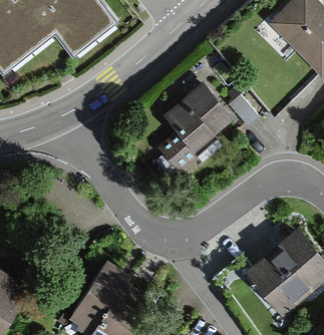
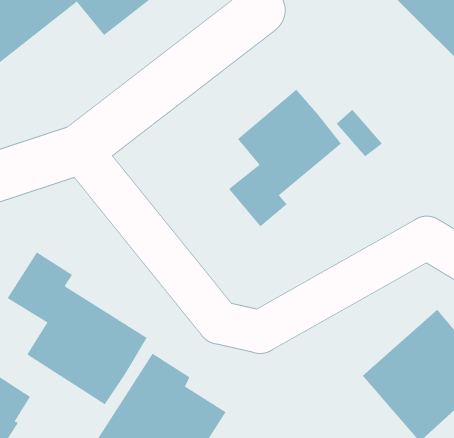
building: none -> [7,252,148,405]

